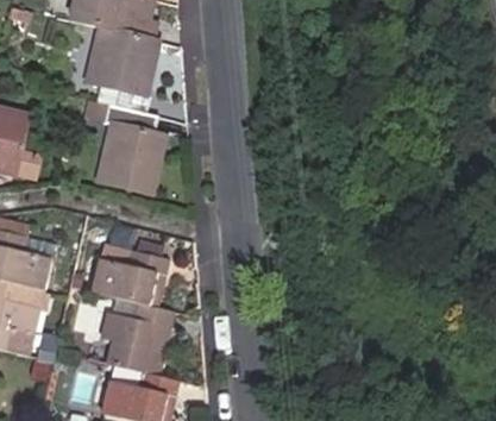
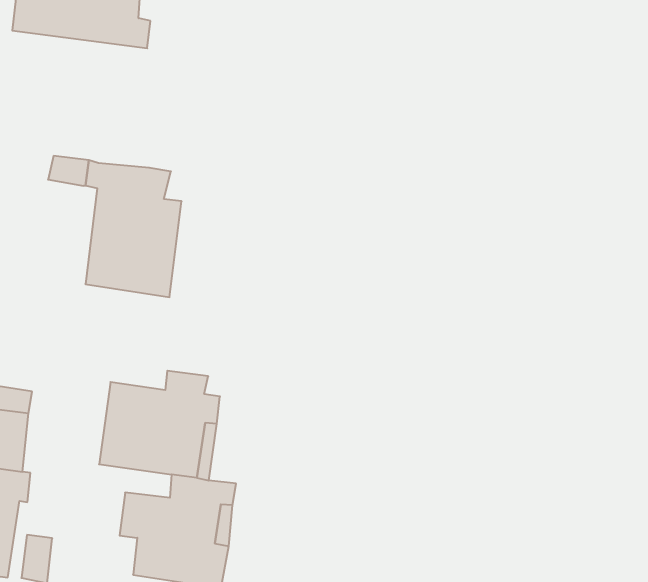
building: [84,27,155,113] -> none

